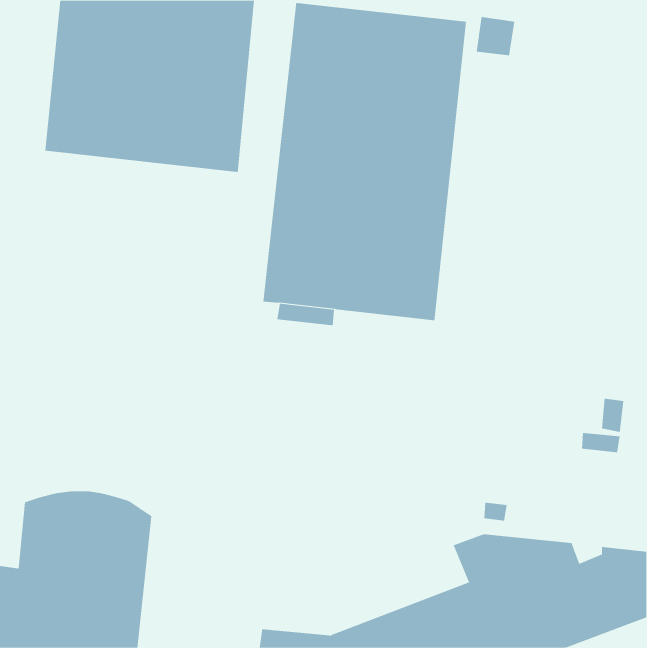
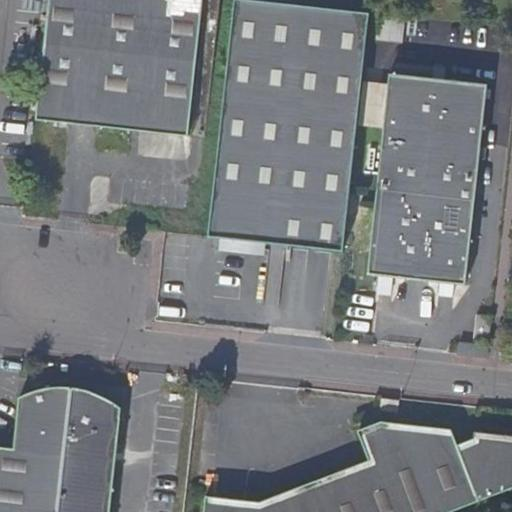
building: none -> [367,73,487,285]

